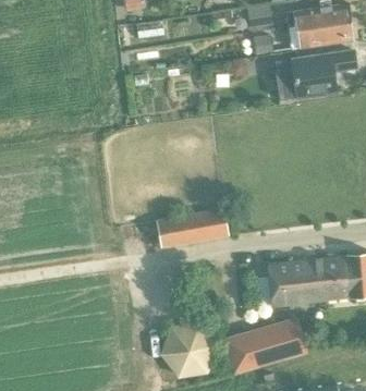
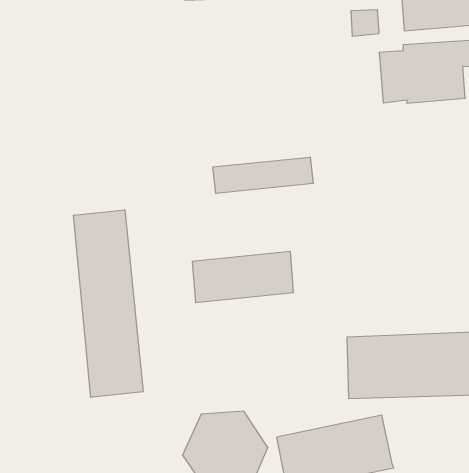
building: none -> [213,157,313,194]
building: none -> [74,210,143,397]

